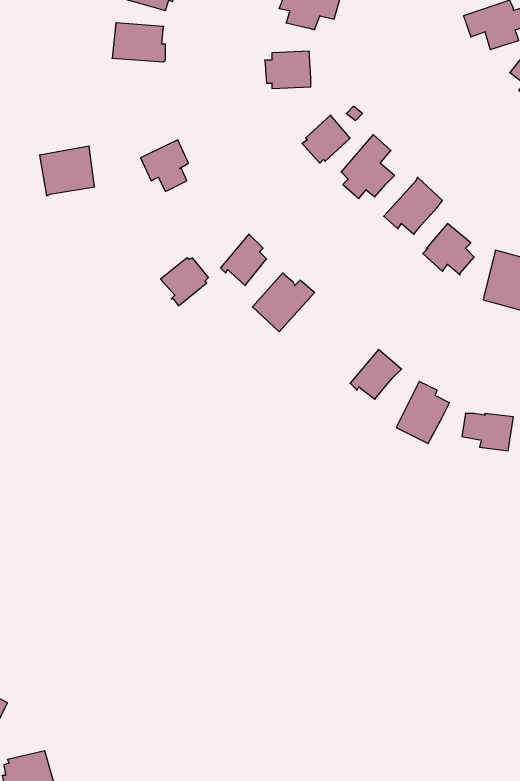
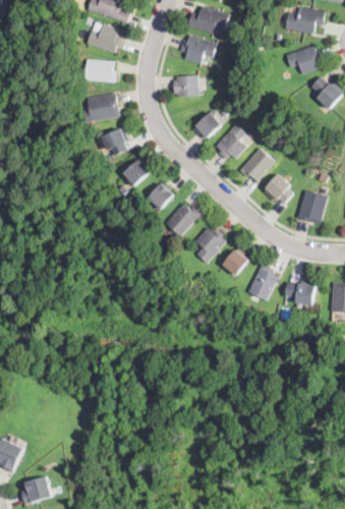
building: [40,146,95,196] -> [87,93,118,121]
building: [161,258,209,306] -> [123,159,151,186]
building: none -> [195,227,226,263]

